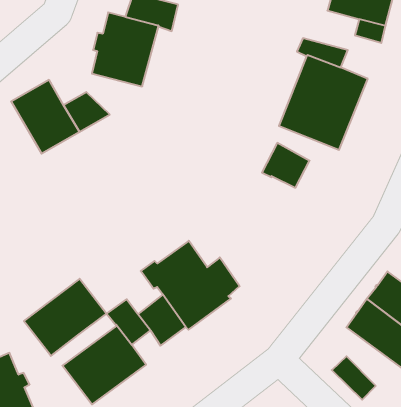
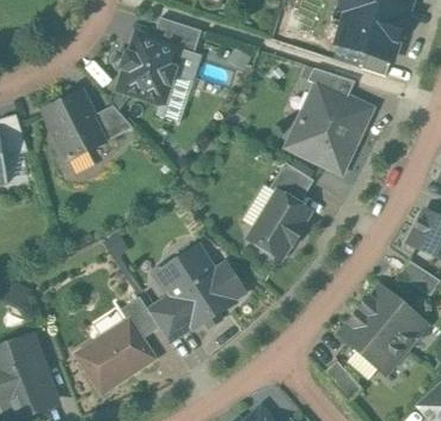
building: none -> [249,191,308,257]
building: [24,279,107,356] -> none

